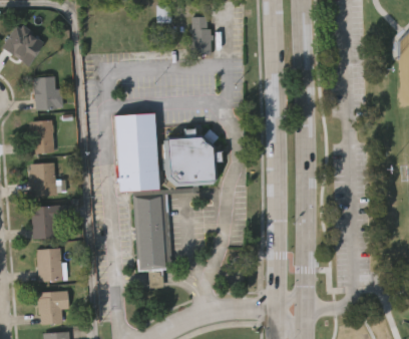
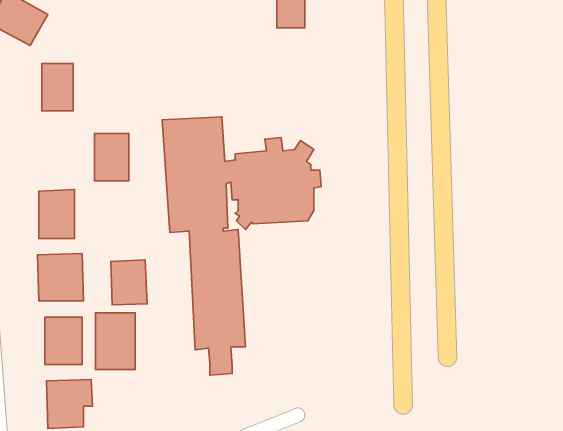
building: [30,120,53,152] -> [95,133,129,181]
building: none -> [111,260,147,305]
building: none -> [96,313,135,369]

